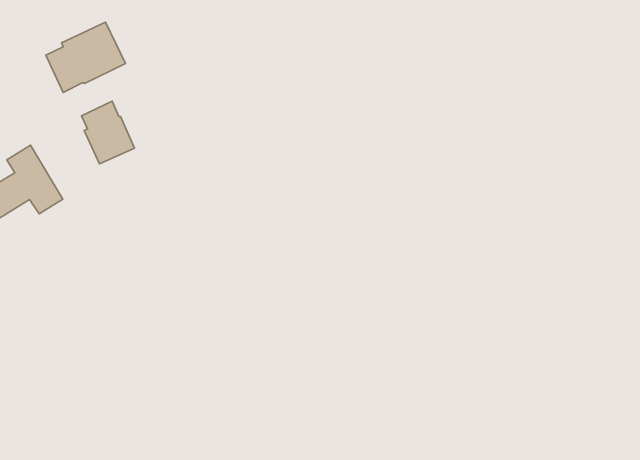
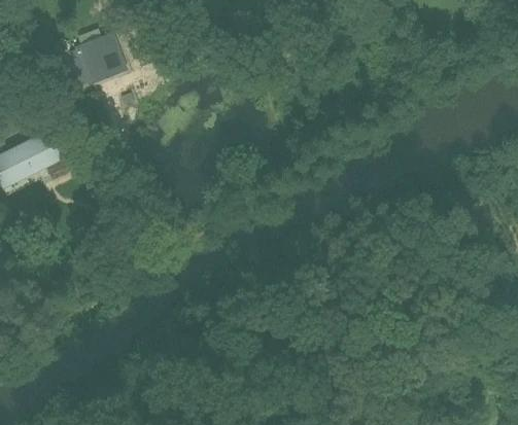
building: [82,101,134,164] -> none

